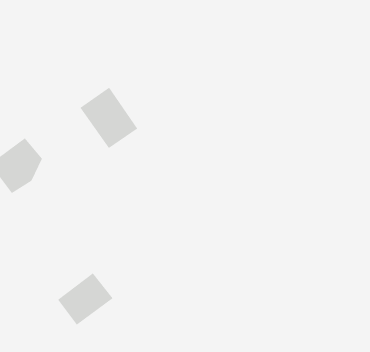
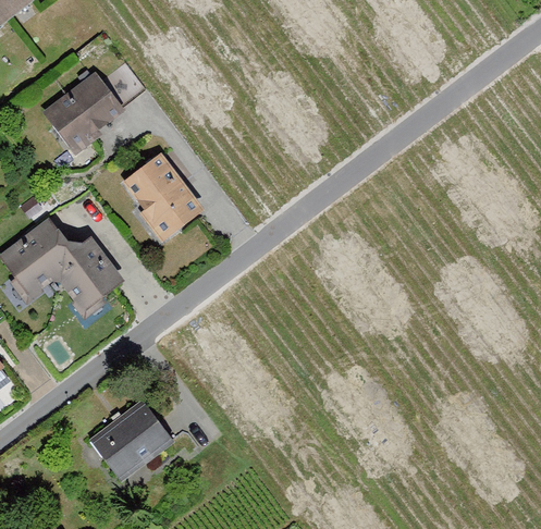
building: none -> [47,74,125,149]
building: none -> [58,238,123,310]

